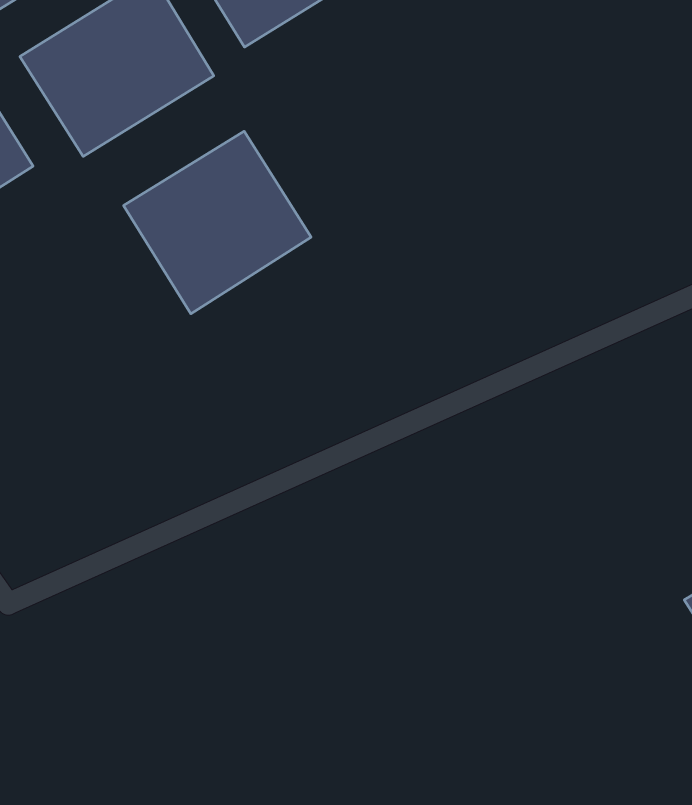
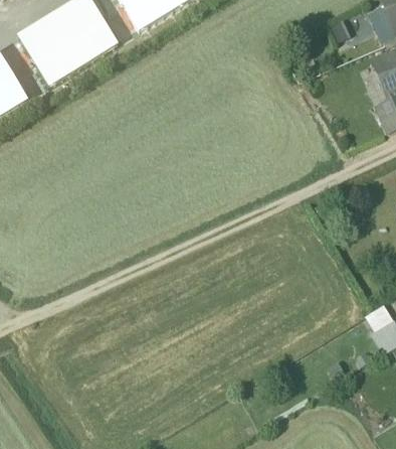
building: [123,131,311,314] -> none

